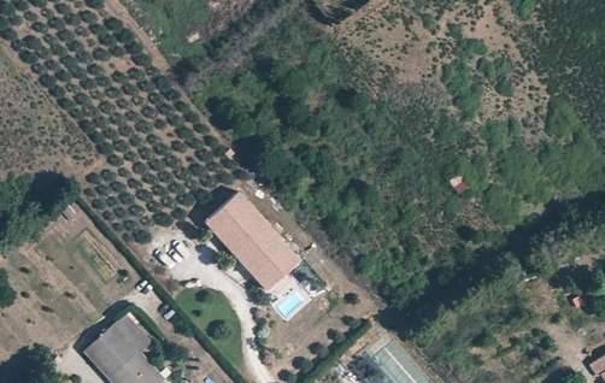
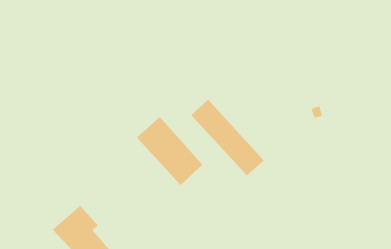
building: none -> [191,99,264,176]

